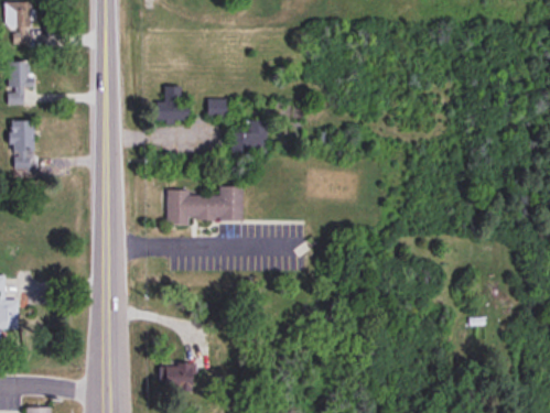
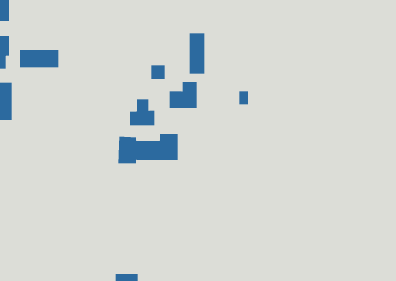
building: none -> [189,33,205,75]
building: none -> [19,49,59,68]
building: [157,87,190,121] -> [129,99,155,126]

